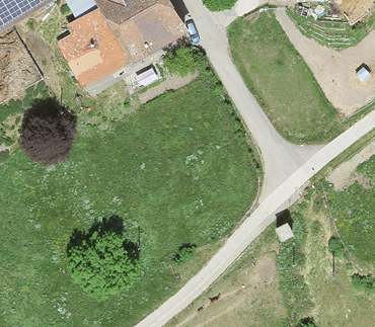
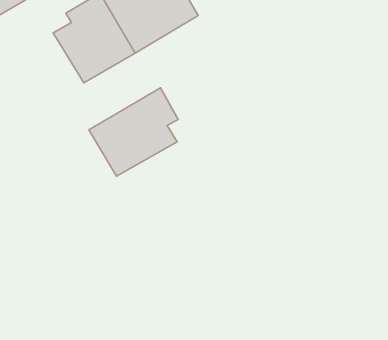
building: none -> [89,88,178,176]

